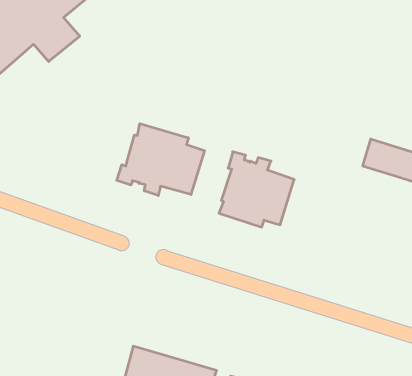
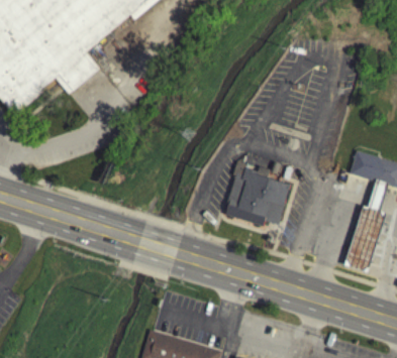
building: [117,124,205,196] -> none
building: none -> [345,182,388,273]

